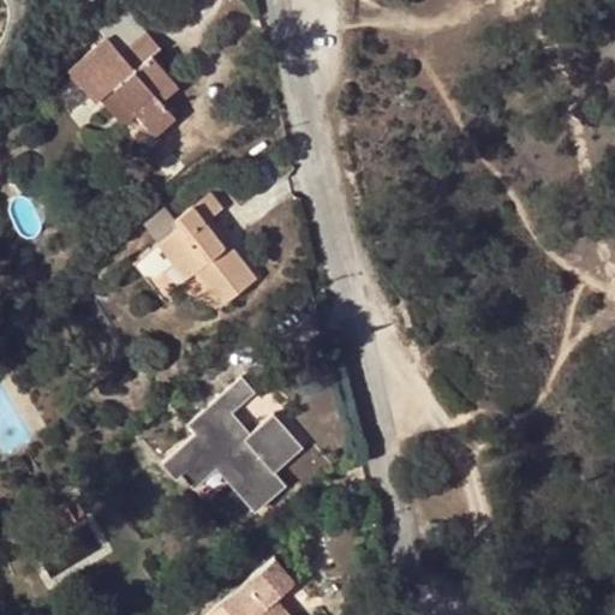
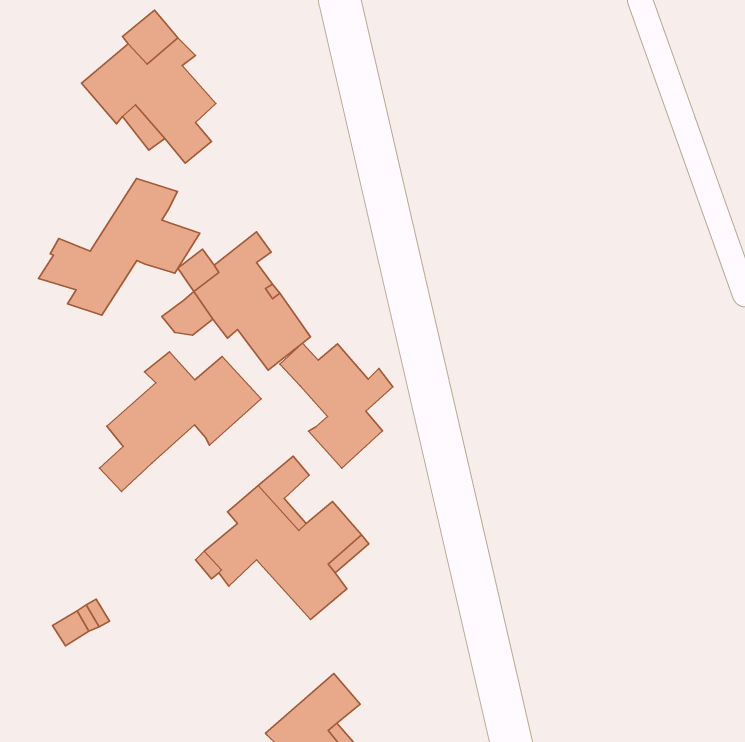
building: none -> [38,179,200,315]
building: none -> [280,343,393,468]
building: none -> [99,352,261,491]

